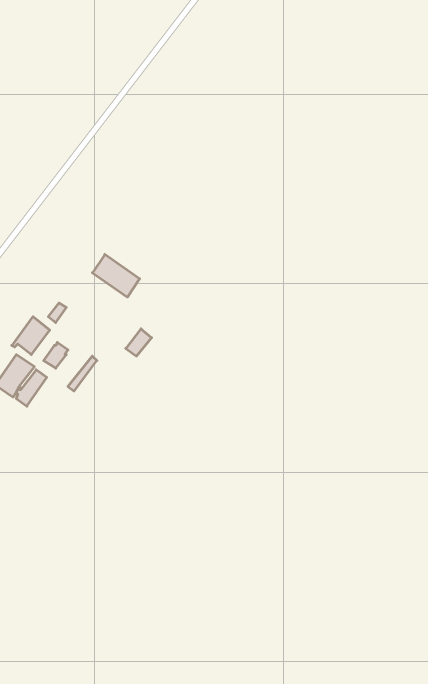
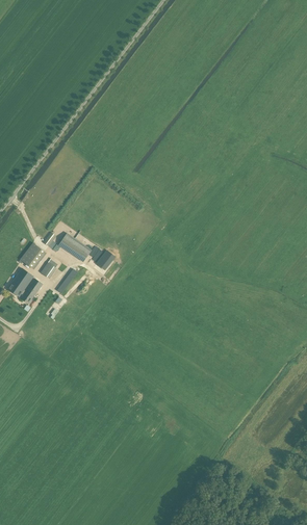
building: [92,254,140,297] -> [57,233,89,262]

